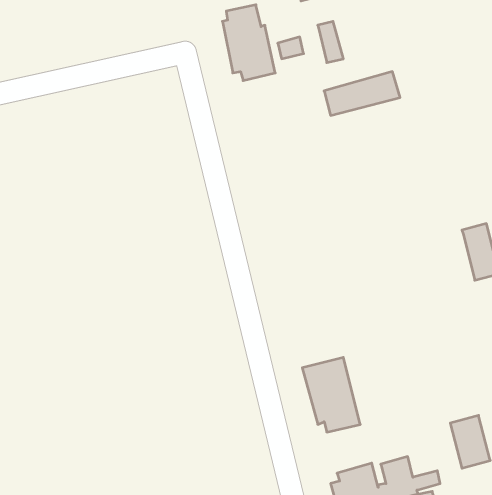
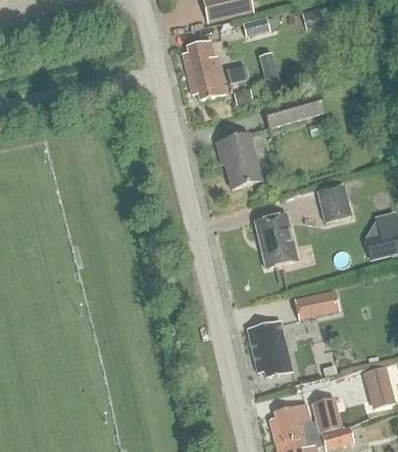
building: none -> [216,132,262,188]
building: none -> [316,184,352,221]
building: none -> [254,212,298,266]
building: none -> [293,289,339,319]

